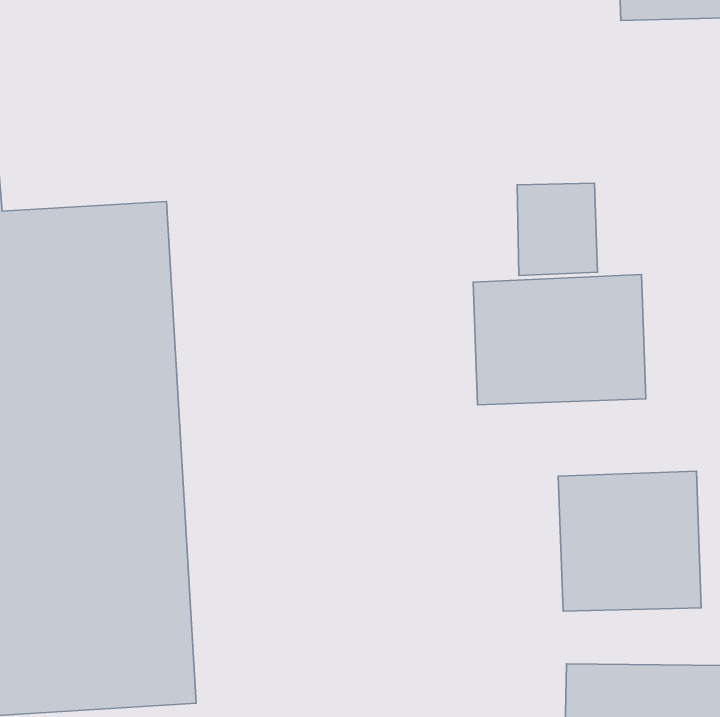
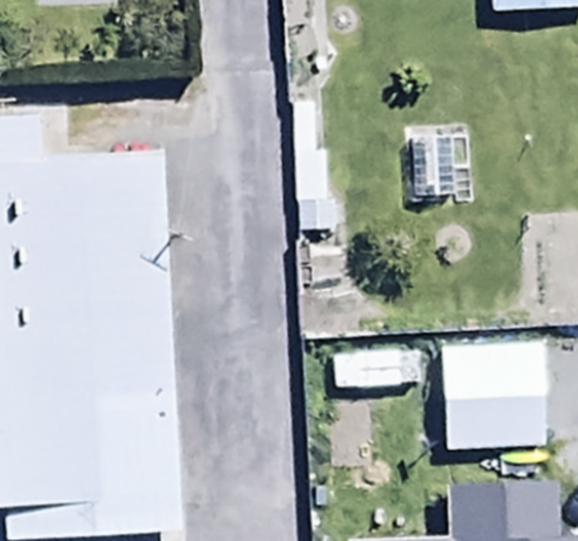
building: [473,275,646,405] -> none

